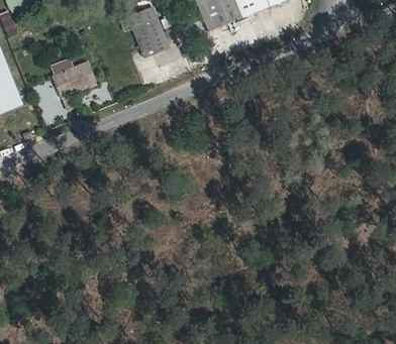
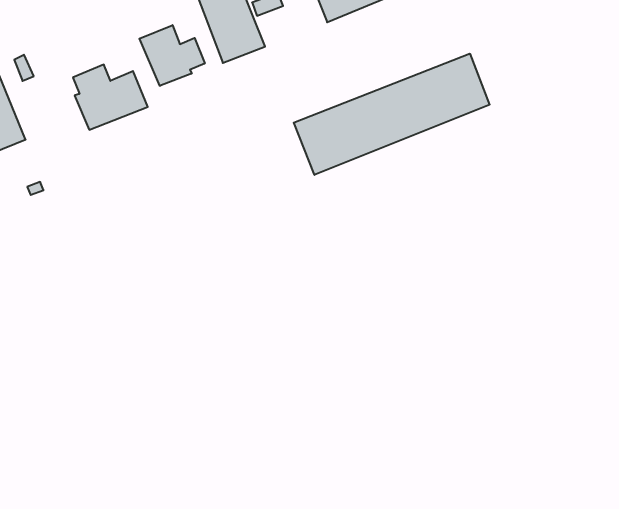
building: none -> [139,25,205,86]
building: none -> [294,54,490,175]

